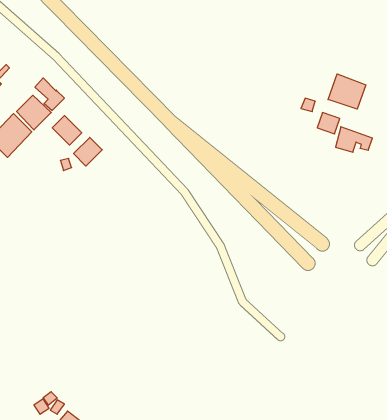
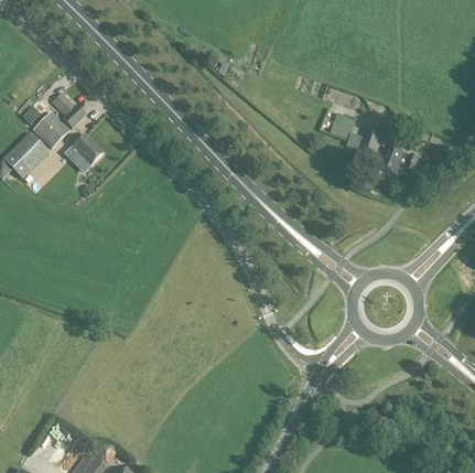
building: [328,74,366,109] -> none
building: [74,137,102,166] -> none

